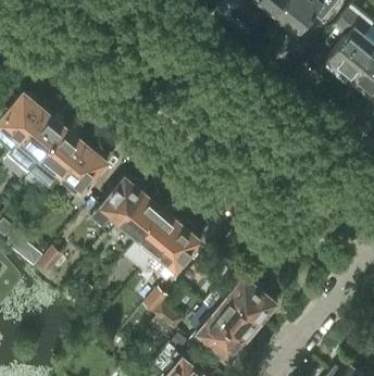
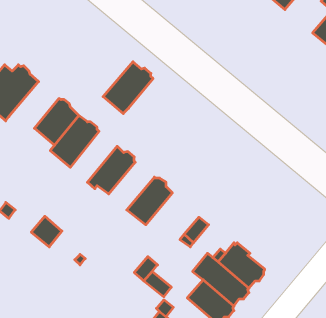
building: [14,111,65,164] -> [103,62,153,114]
building: [116,193,163,242] -> none
building: [148,225,201,281] -> none

